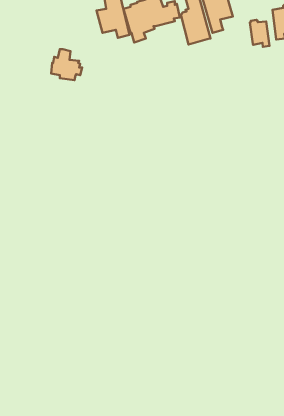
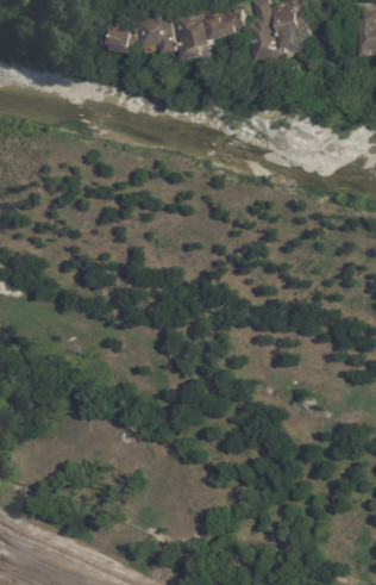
building: [250,20,269,47] -> none
building: [51,49,82,80] -> [104,17,142,55]

